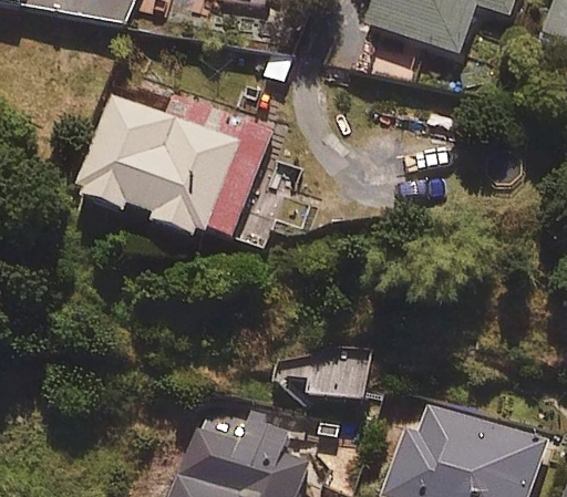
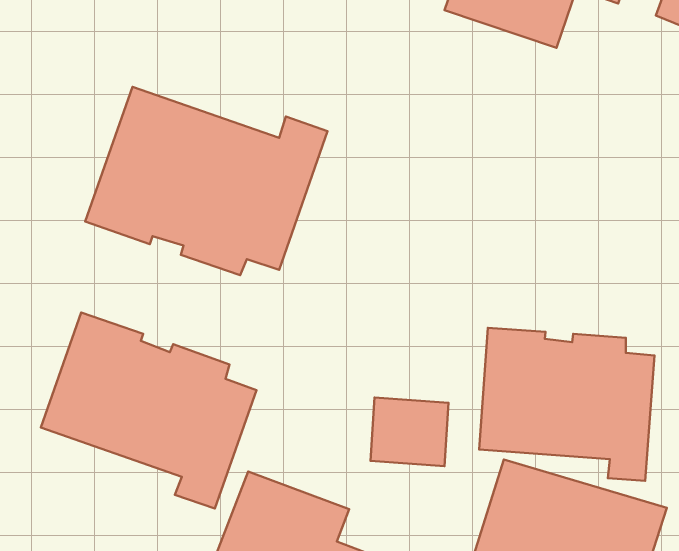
building: none -> [41,312,256,509]
building: none -> [479,328,654,481]

